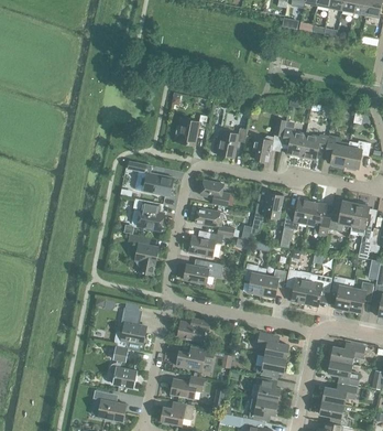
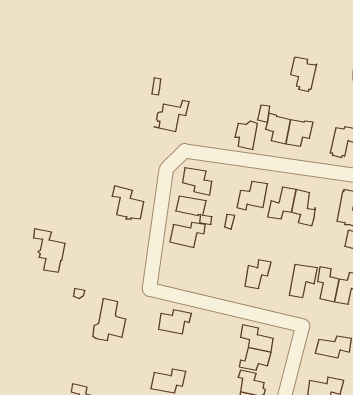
building: [212,128,247,157] -> none
building: [324,134,349,168] -> [291,57,317,91]
building: [133,171,173,196] -> none
building: [328,201,355,230] -> none
building: [128,233,158,274] -> [33,229,65,272]
building: [183,260,222,283] -> none
building: [243,262,265,294] -> none
building: [285,269,309,303] -> none
building: [109,345,136,388] -> none
building: [175,345,214,370] -> none
building: [327,359,359,386] -> none

